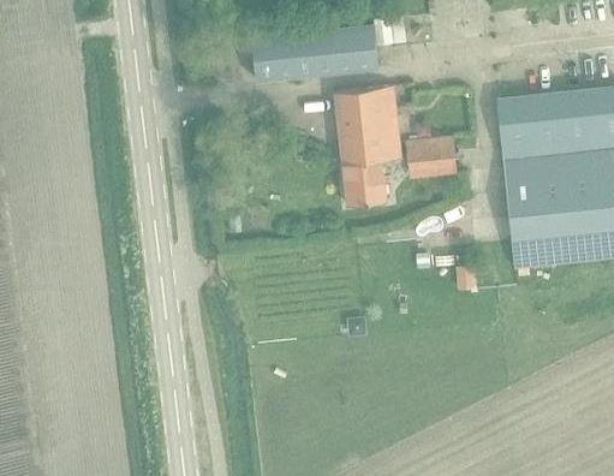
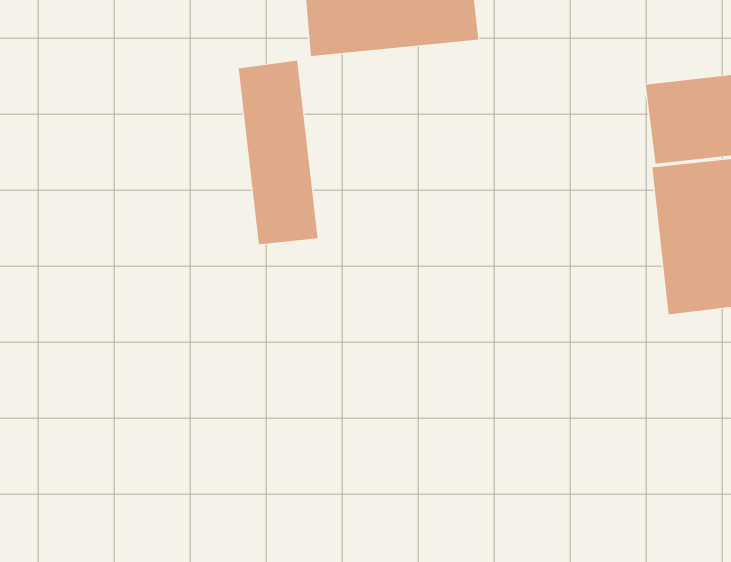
building: none -> [238,60,318,245]
building: [334,87,457,207] -> none

